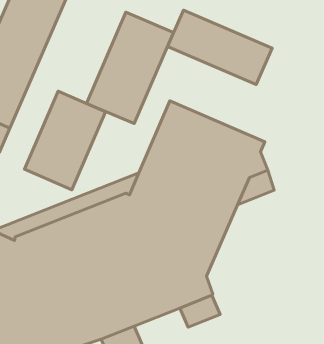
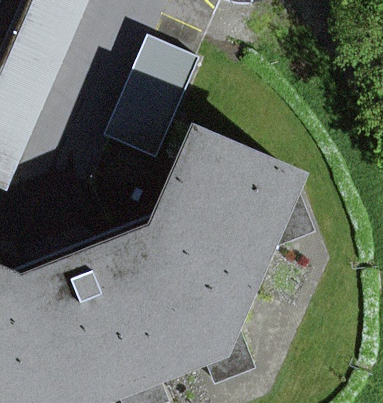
building: [167,10,272,85] -> none
building: [24,91,106,190] -> none

